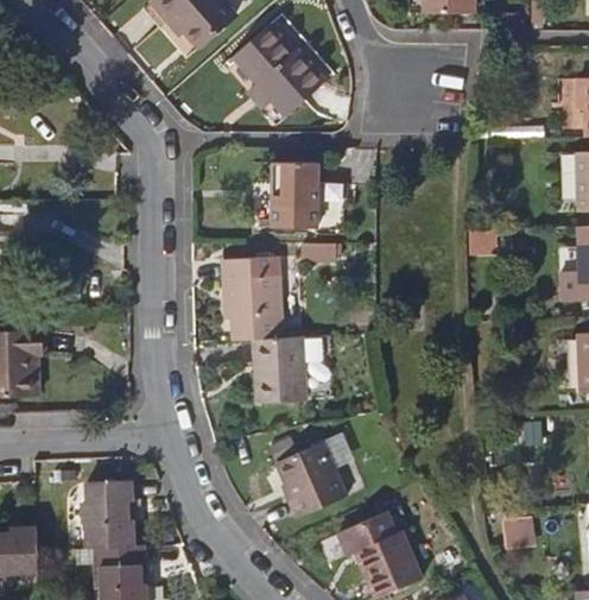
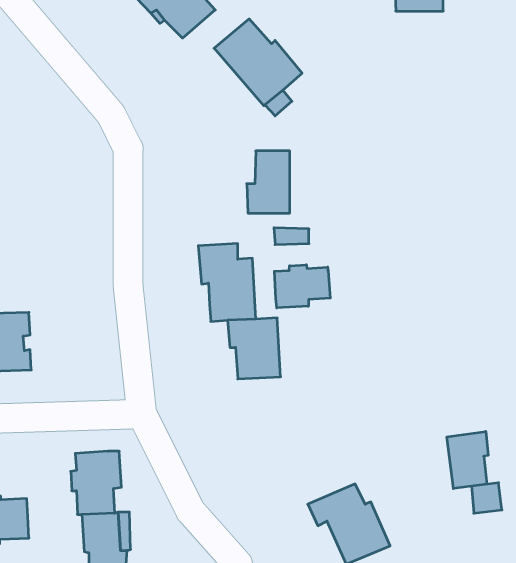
building: none -> [274,265,330,308]
building: [277,442,346,517] -> none
building: none -> [447,431,488,489]

